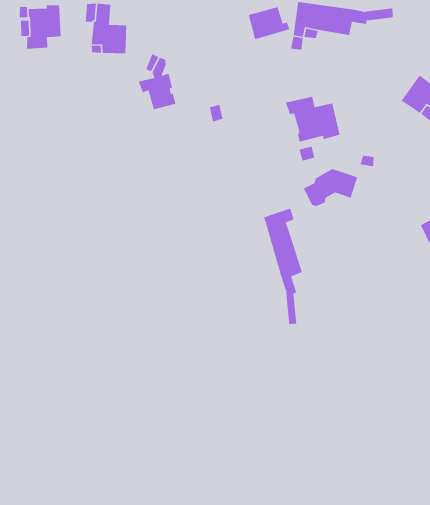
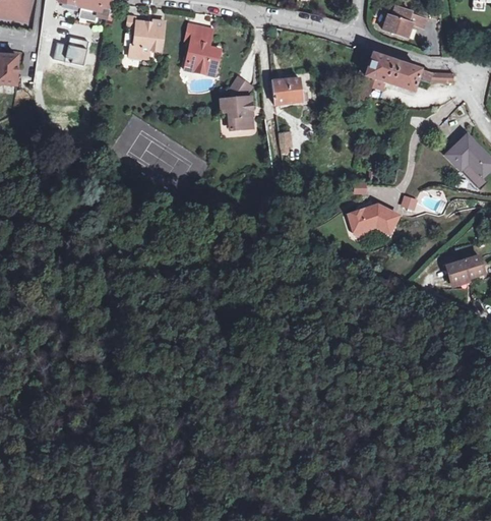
building: [248,6,290,40] -> [273,77,308,104]
building: [285,96,340,142] -> none
building: [263,208,303,325] -> none

